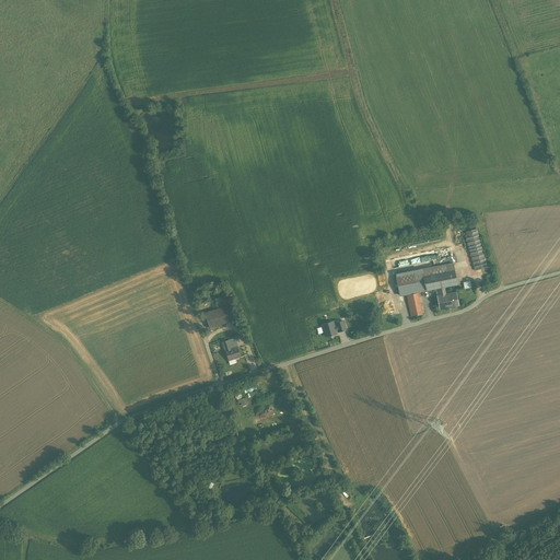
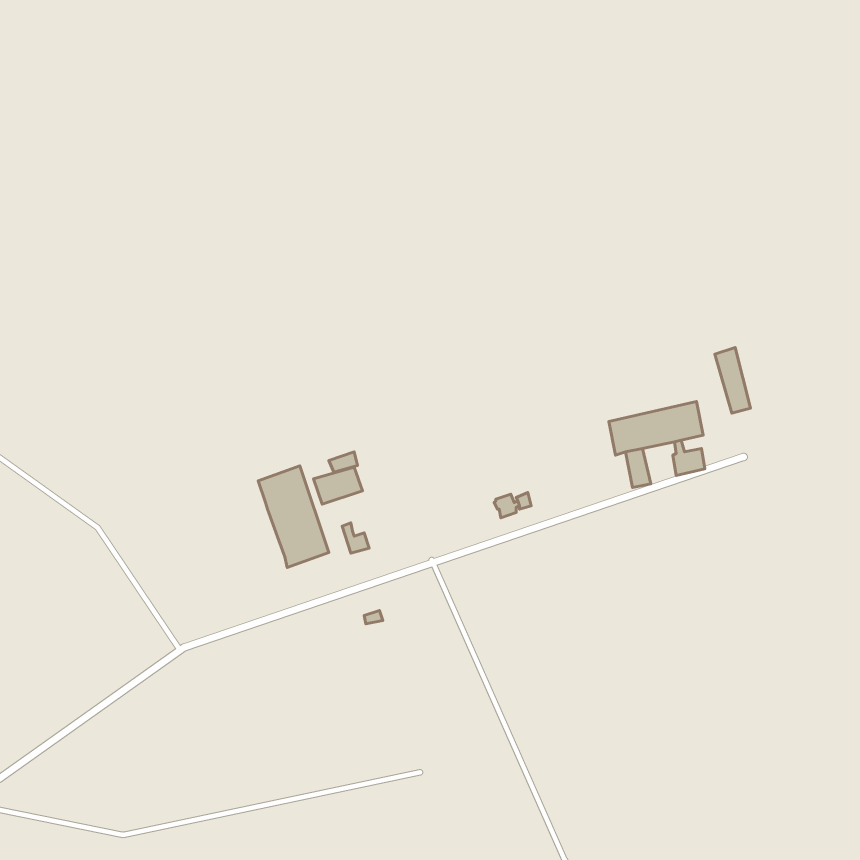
building: none -> [258,466,329,568]

